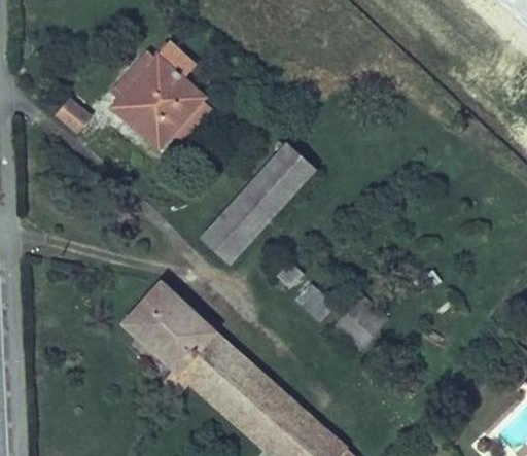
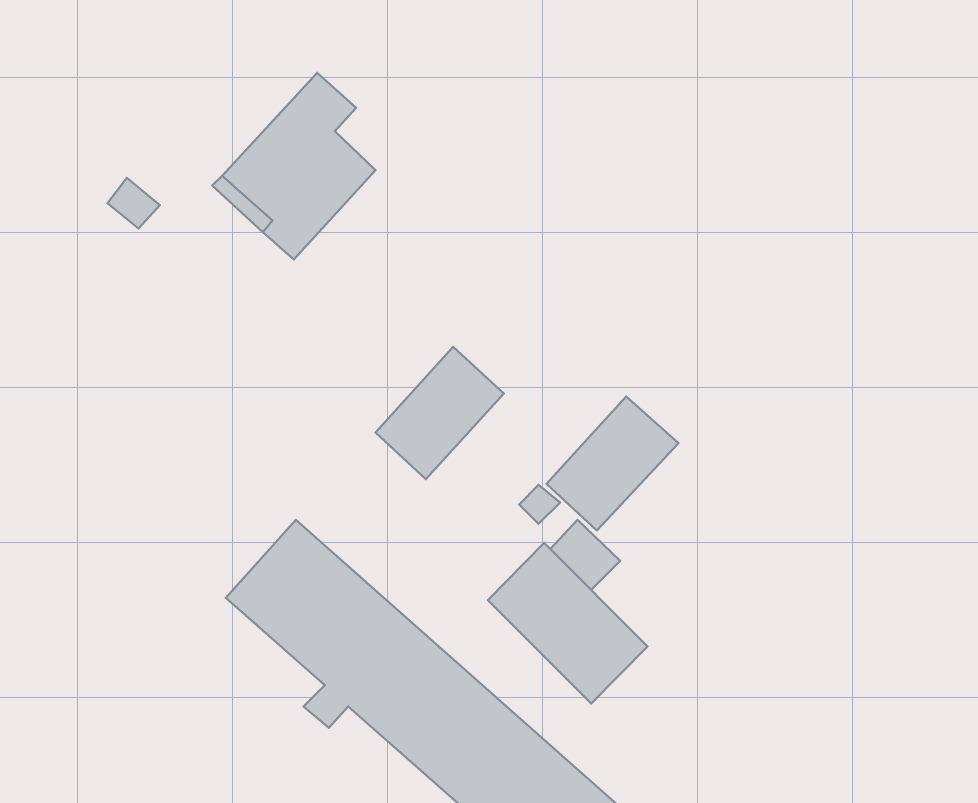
building: [244,144,314,215] -> [546,396,678,530]
building: none -> [488,543,648,704]

